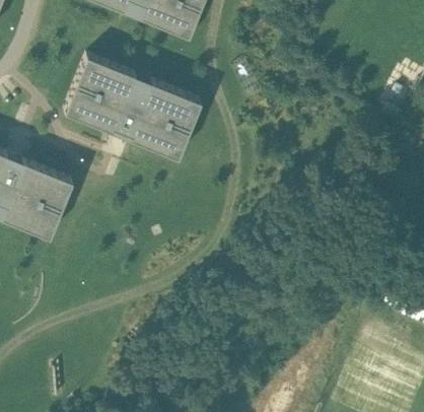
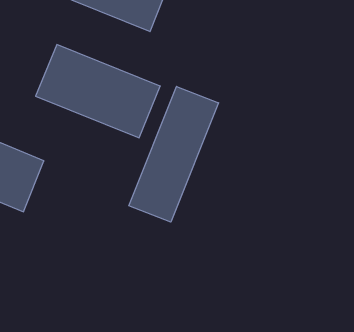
building: none -> [129,86,219,222]

